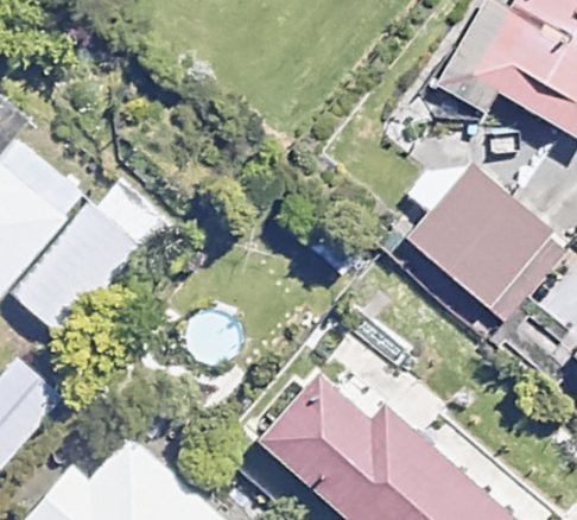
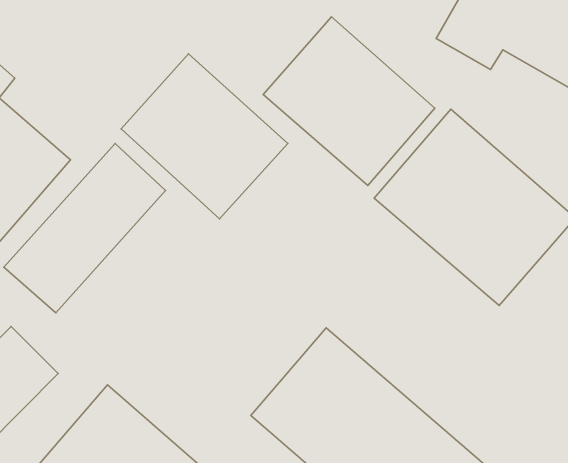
building: none -> [263,17,435,186]
building: none -> [121,54,288,219]

